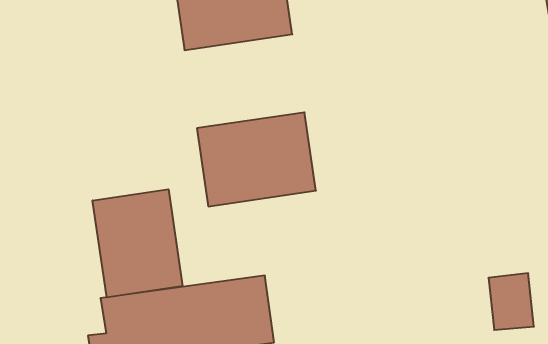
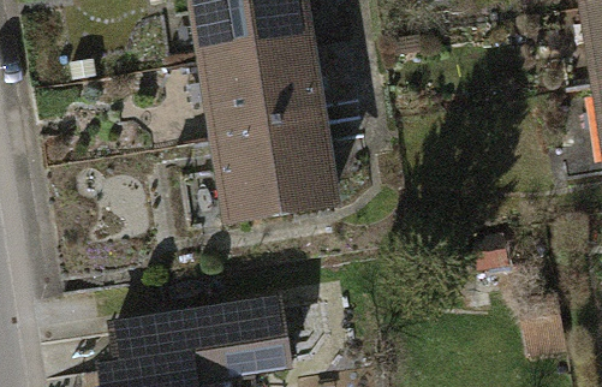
building: none -> [199,40,327,139]
building: [93,189,183,297] -> none

